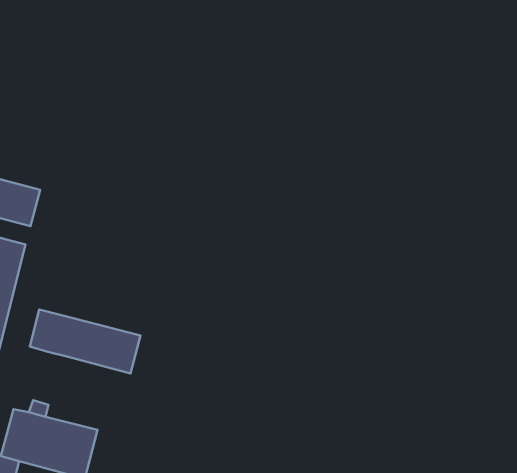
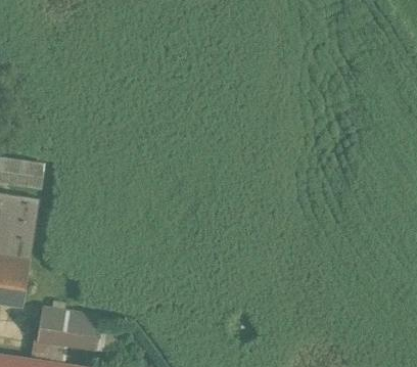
building: [30,310,140,373] -> none

